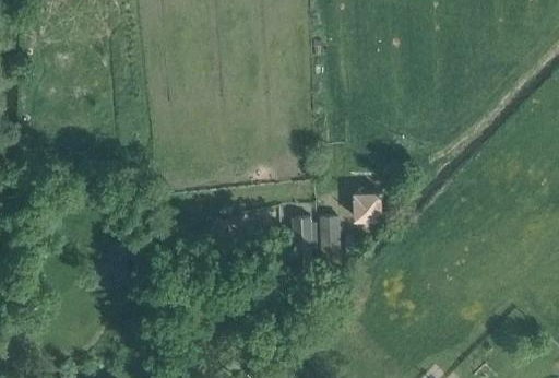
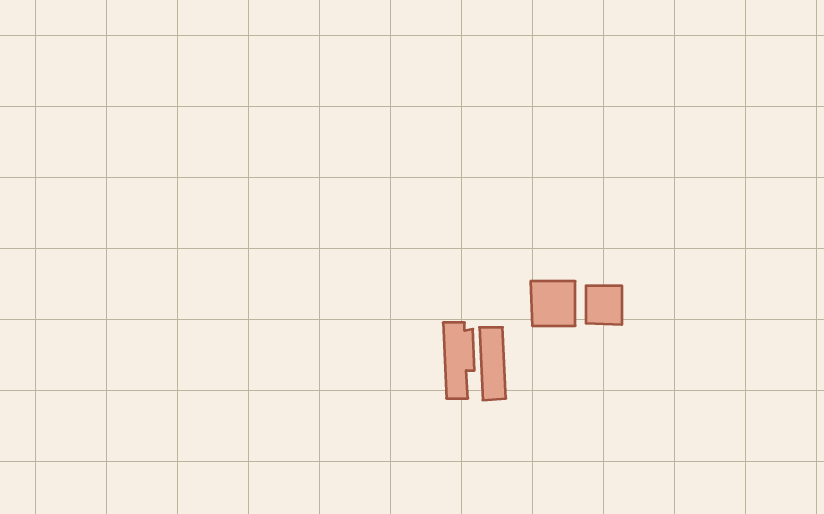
building: none -> [586,286,622,325]

